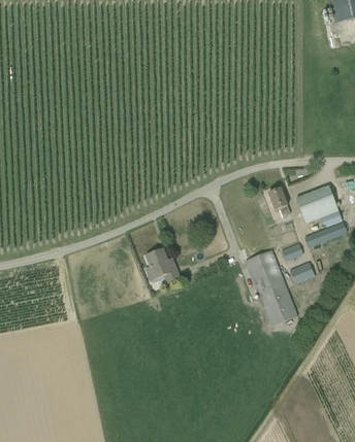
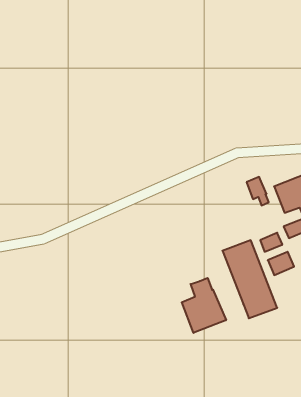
building: [146,247,181,282] -> none
building: none -> [182,278,226,333]

